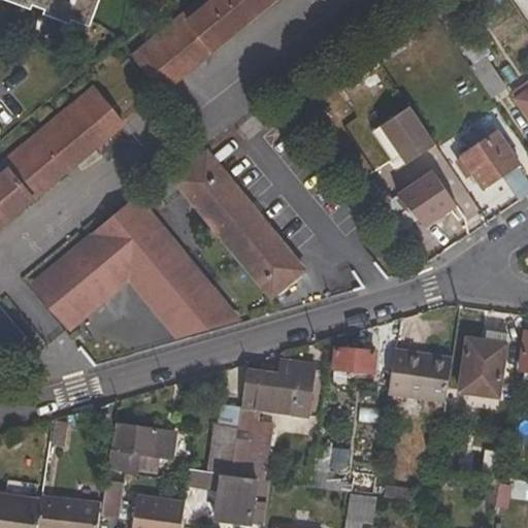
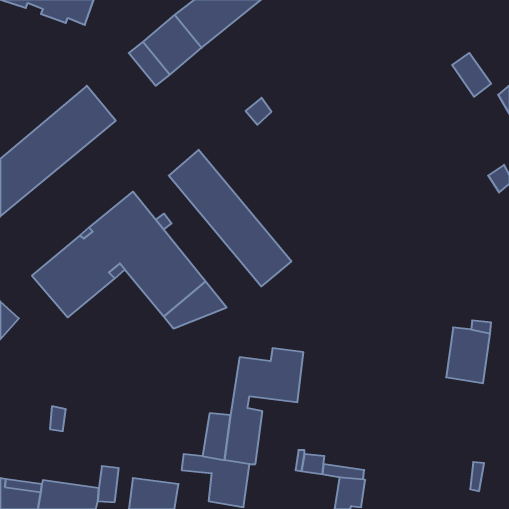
building: [381,106,455,225] -> none
building: [454,131,520,189] -> none
building: [334,348,376,384] -> none
building: [392,350,453,402] -> none
building: [109,424,175,471] -> none

